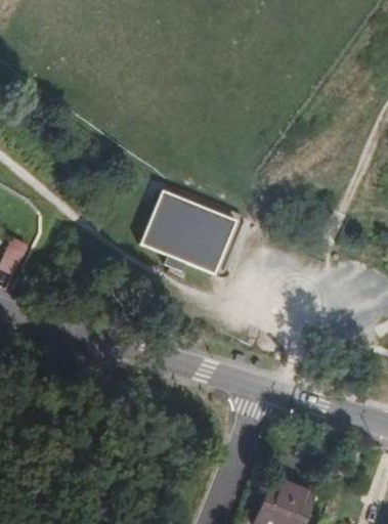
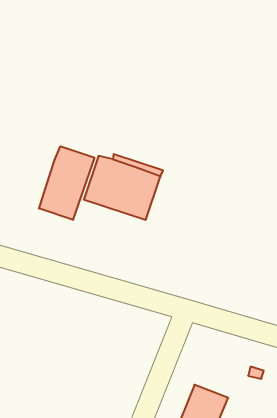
building: none -> [39,146,94,220]

